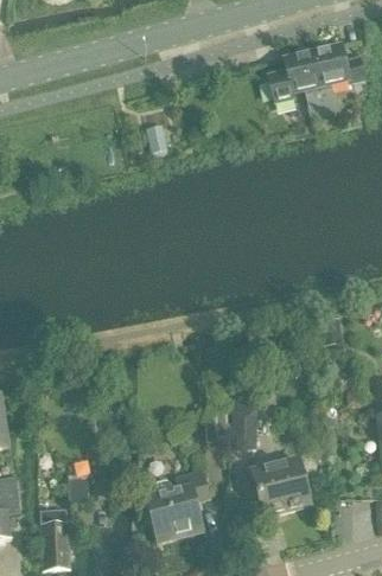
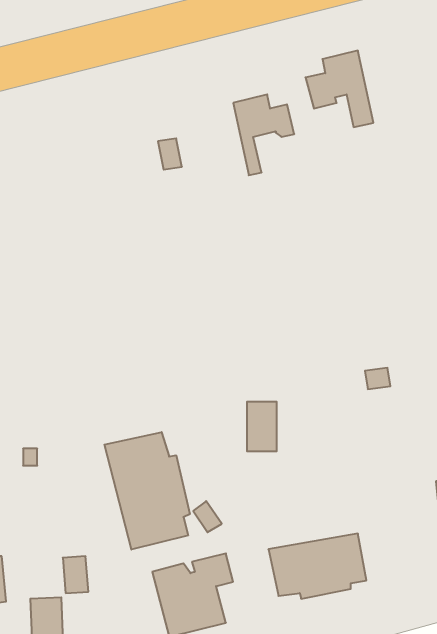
building: [313,43,364,110] -> [233,94,294,175]
building: none -> [104,432,190,550]
building: [231,408,256,449] -> [247,402,277,451]

